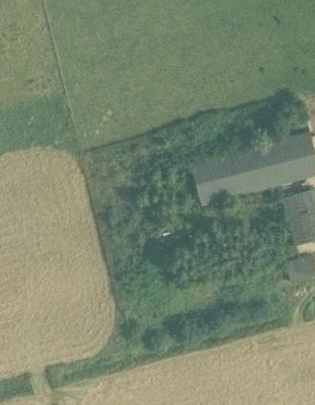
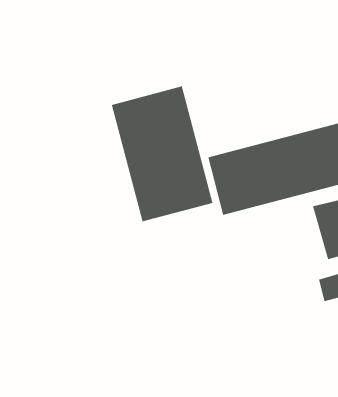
building: none -> [111,86,213,222]

